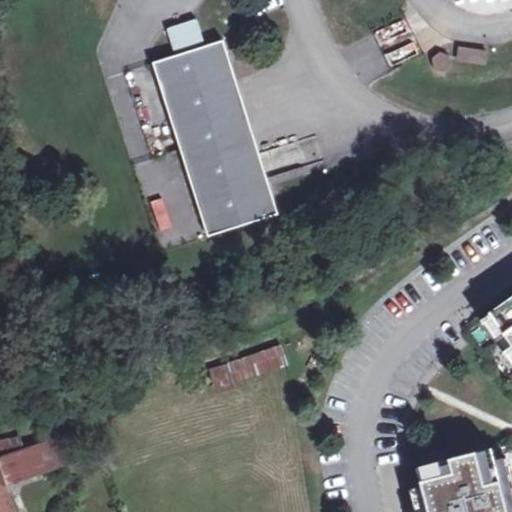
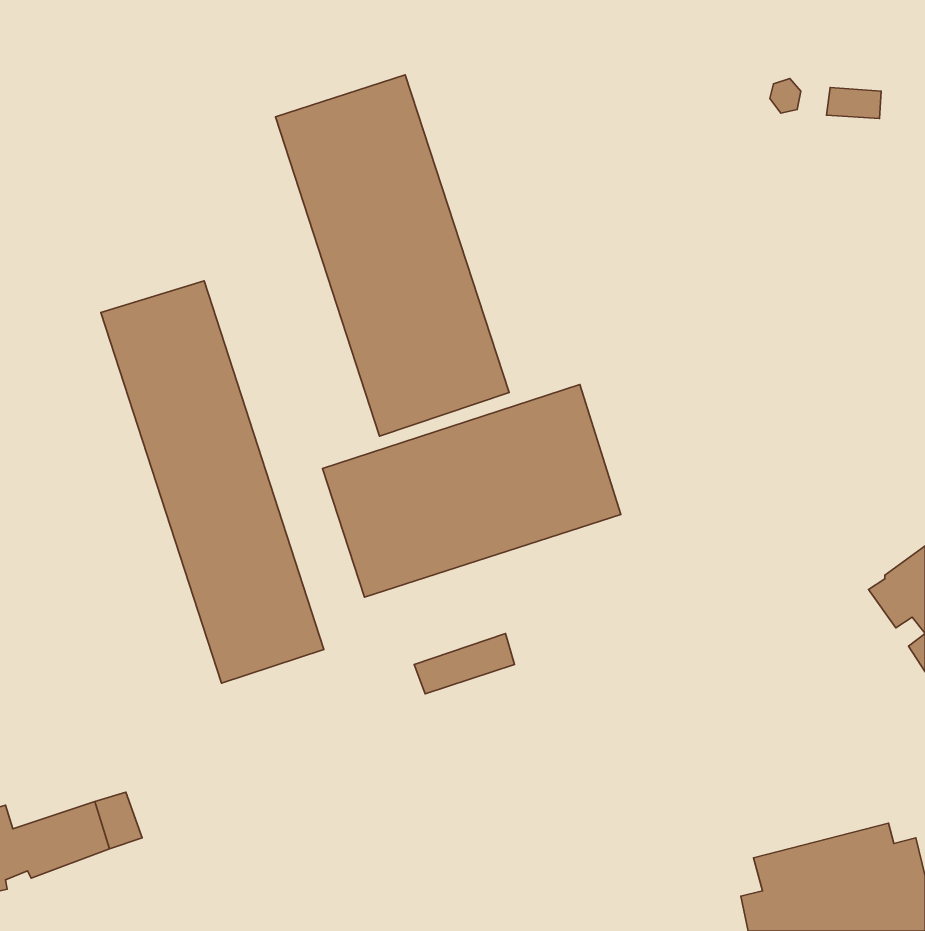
building: none -> [101,281,324,683]
building: none -> [322,384,621,597]

